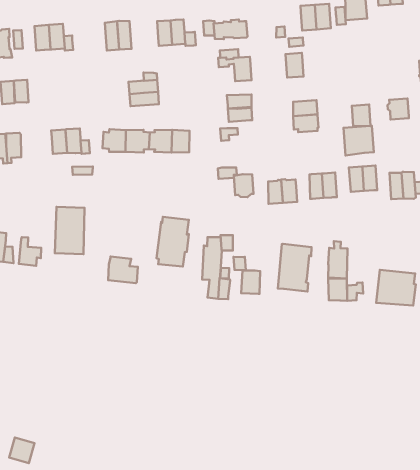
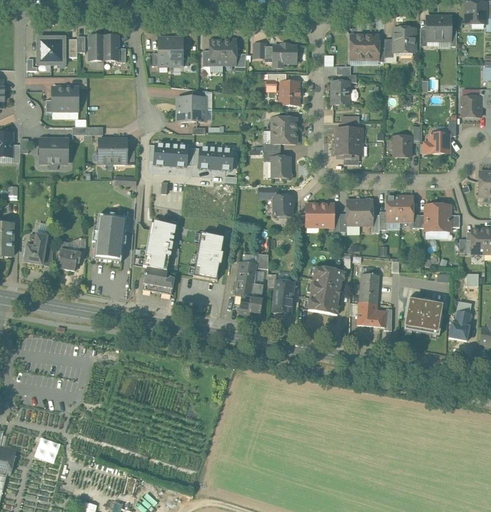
building: [344,126,374,155] -> none
building: none -> [271,156,291,179]
building: none -> [144,222,176,270]

